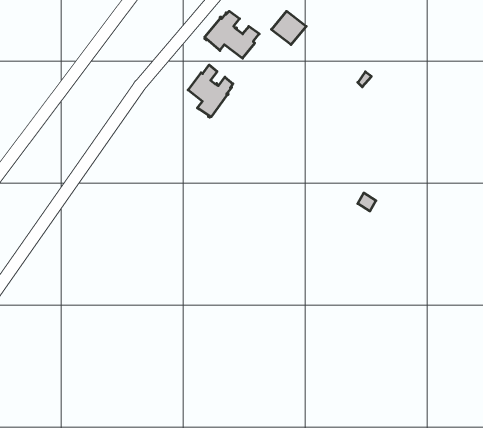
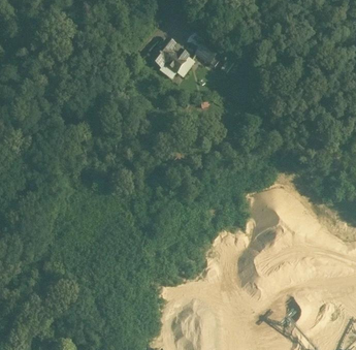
building: [188,65,233,117] -> none

